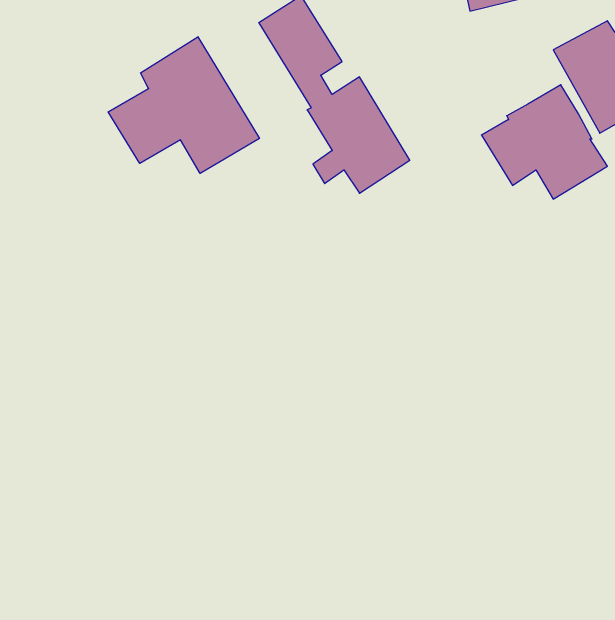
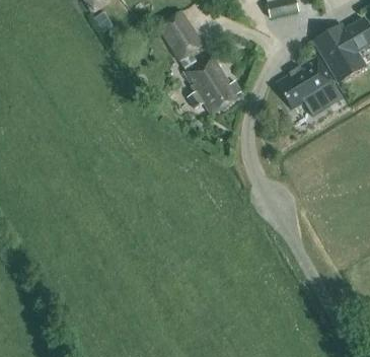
building: [108,37,259,173] -> none

